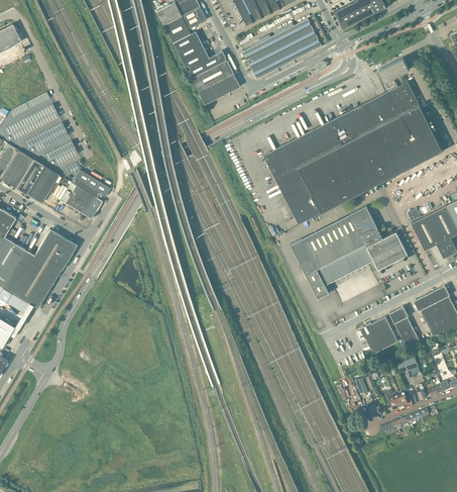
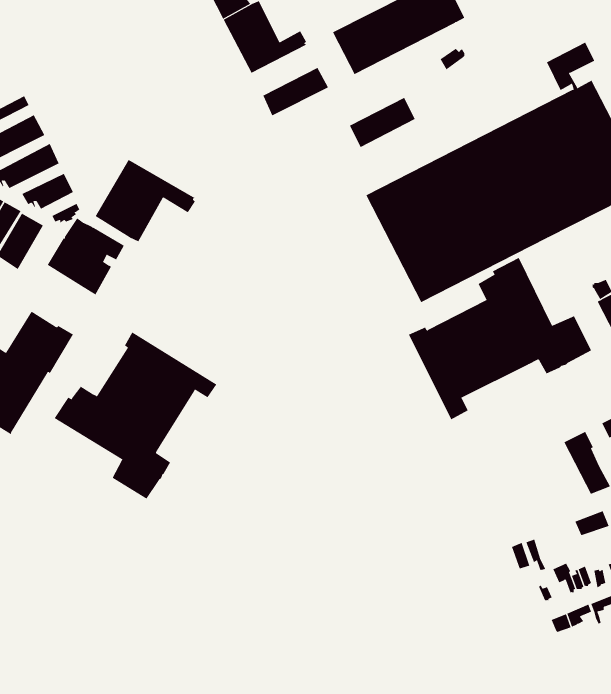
building: [191,60,233,92] -> [349,97,416,148]
building: none -> [95,159,196,242]
building: none -> [54,331,217,500]
building: [359,316,398,354] -> none

